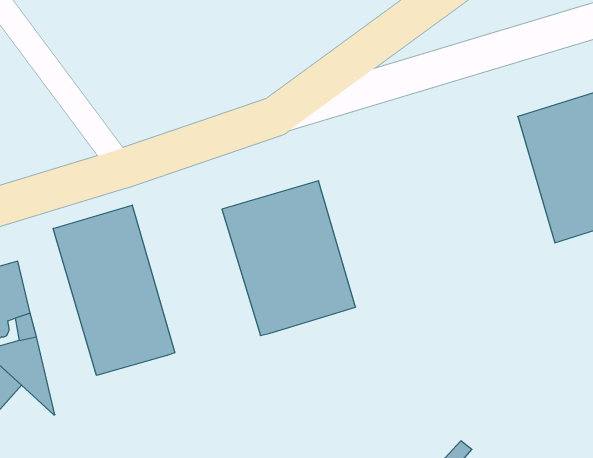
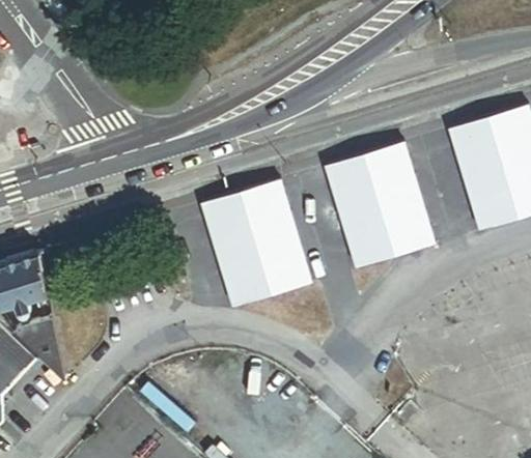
building: none -> [325,140,437,269]
building: [53,205,175,375] -> none

